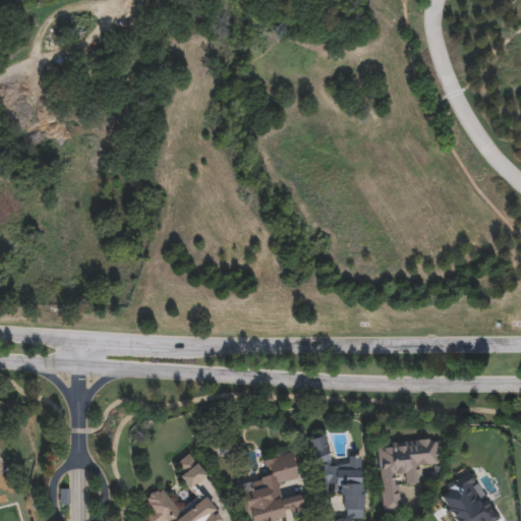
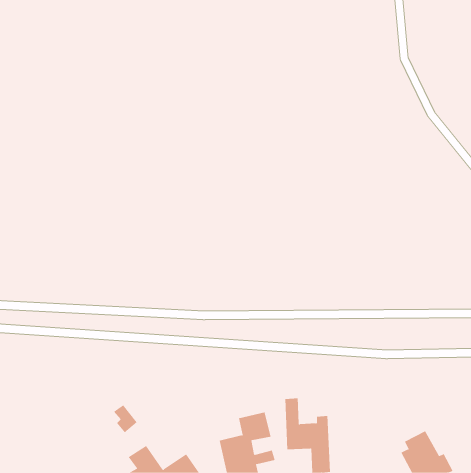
building: [380,439,441,512] -> none
building: [179,457,206,488] -> [113,405,137,433]

